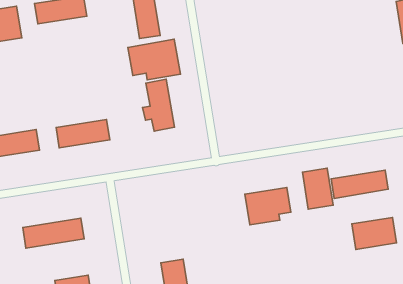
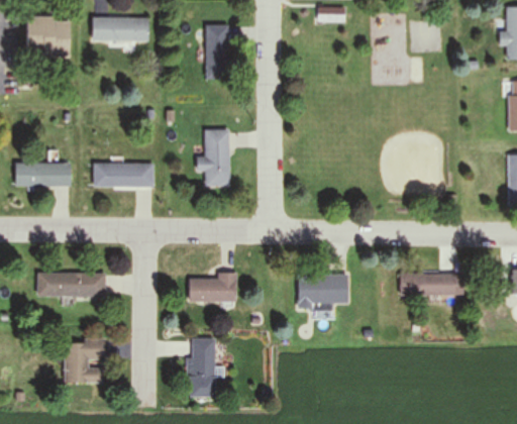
building: [128,39,180,80] -> none
building: [302,168,333,209] -> none
building: none -> [189,273,236,302]
building: [352,217,397,249] -> none

